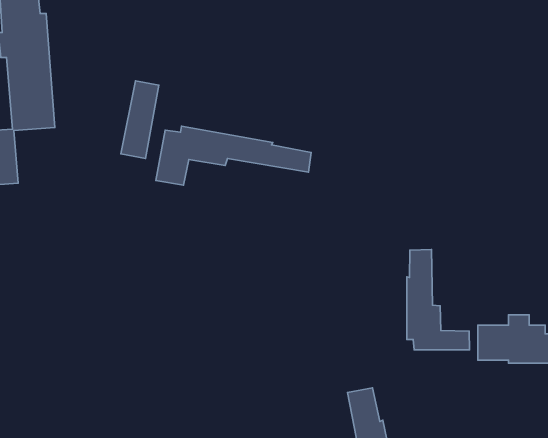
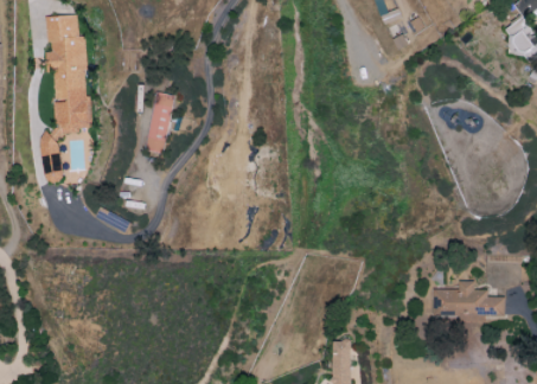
building: [156,126,311,185] -> none
building: [407,250,469,350] -> none

